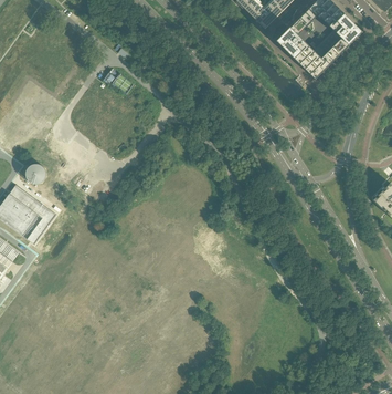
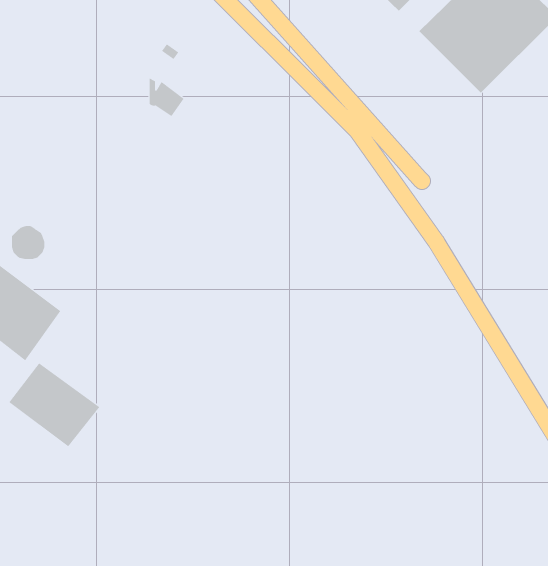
building: none -> [9,362,100,447]

